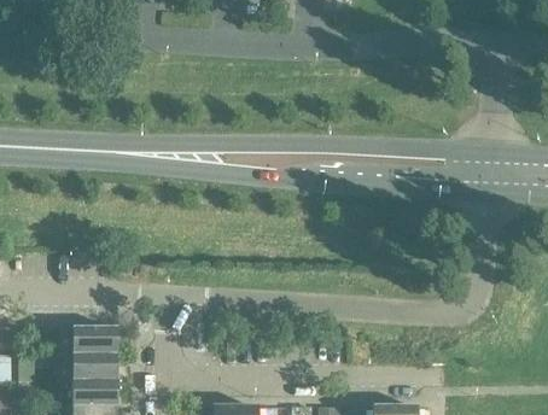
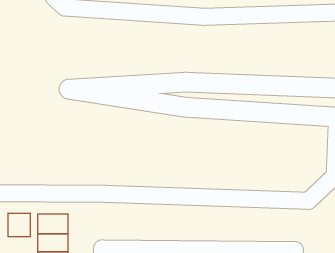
building: none -> [8,213,30,237]

